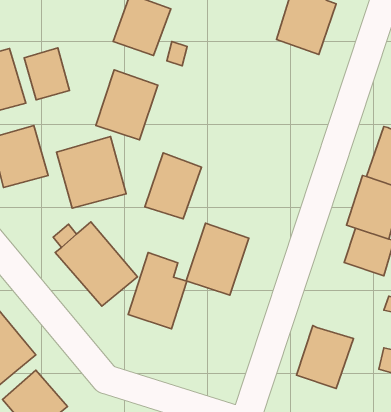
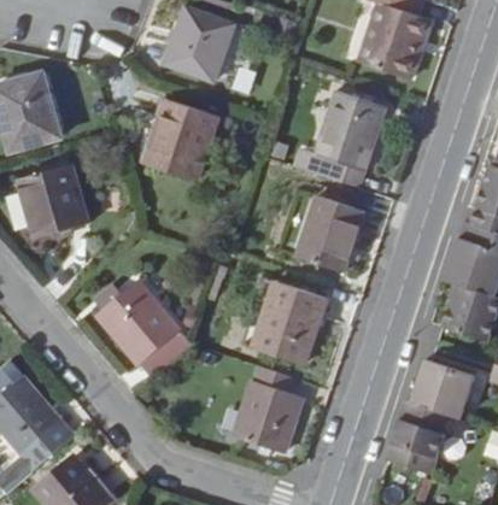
building: [24,48,70,100] -> none
building: none -> [294,90,386,186]
building: [56,137,126,208] -> none
building: [145,153,202,219] -> [297,193,364,271]
building: [128,253,187,329] -> [233,363,303,453]
building: none -> [408,360,475,421]

